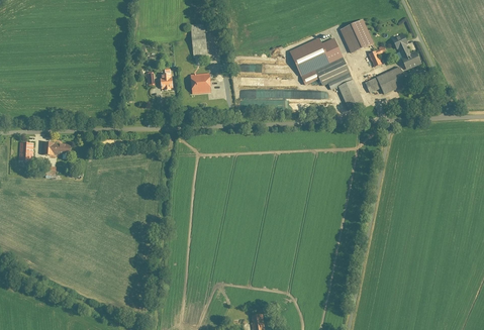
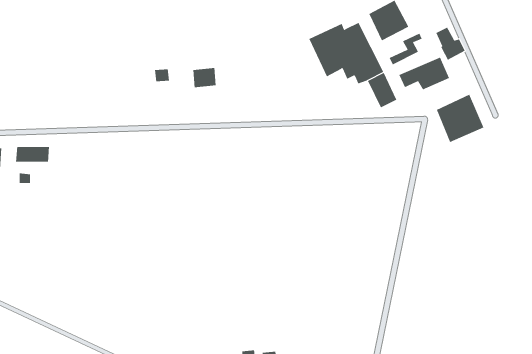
building: [189,24,205,56] -> none
building: none -> [436,94,484,143]

